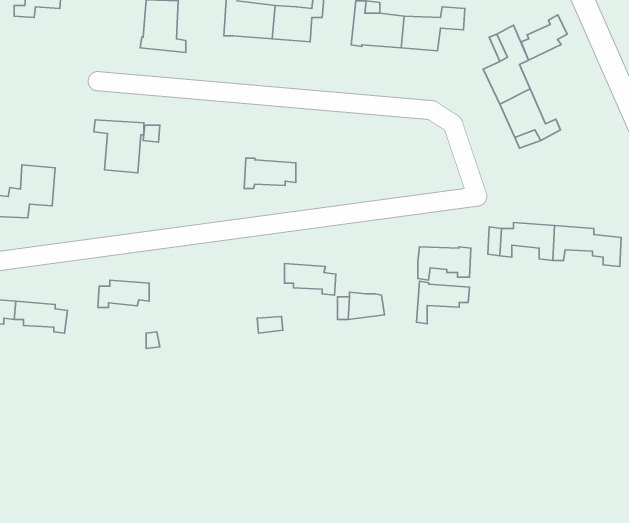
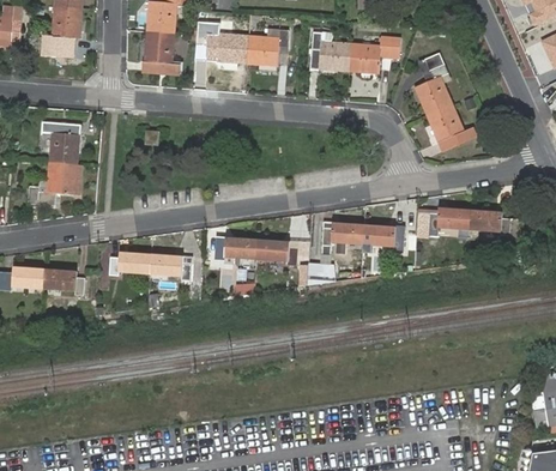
building: [521,15,567,60] -> none
building: [94,120,144,173] -> [41,122,80,164]
building: [244,158,296,189] -> [216,236,256,260]
building: [417,281,470,324] -> [321,222,363,255]
building: none -> [150,255,191,279]

